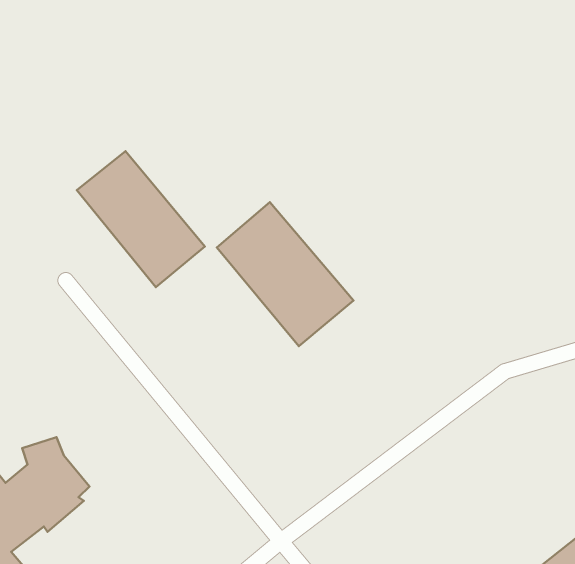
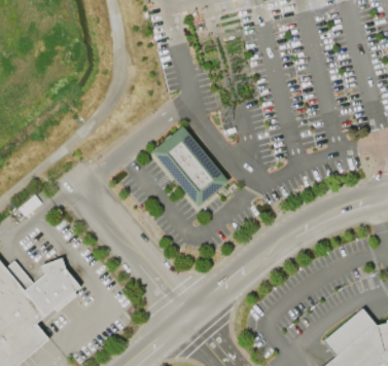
building: [77,151,205,287] -> none

